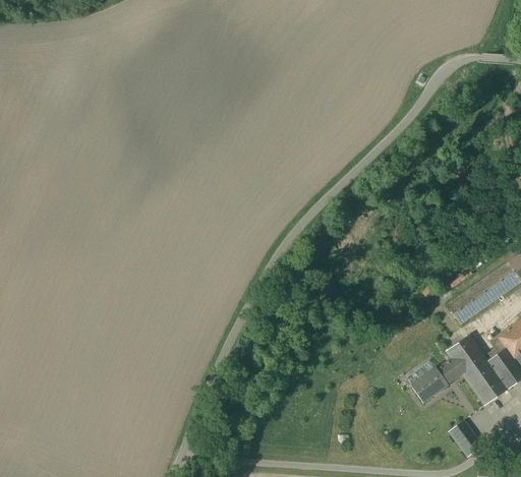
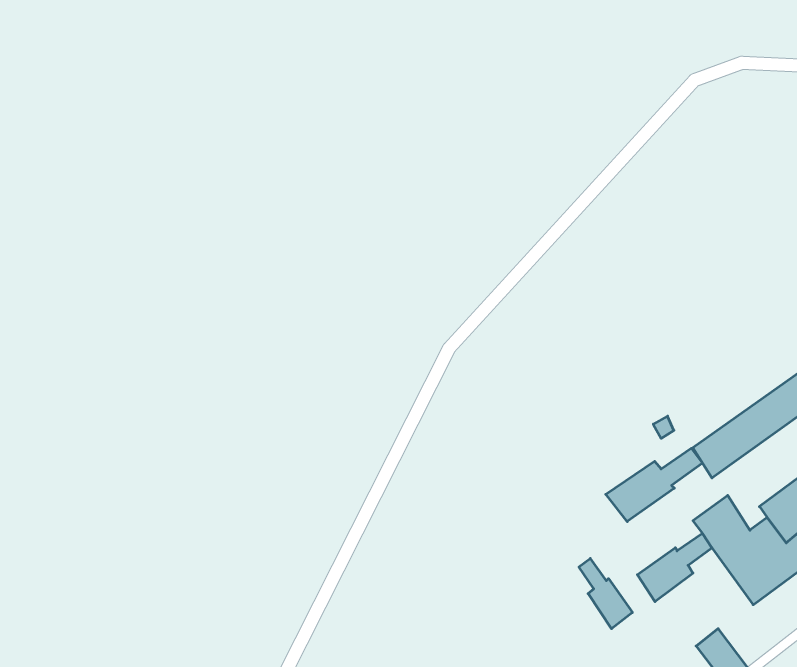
building: none -> [606,448,702,522]
building: none -> [579,558,632,629]

